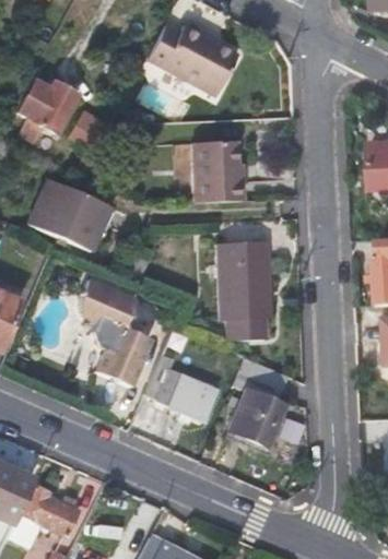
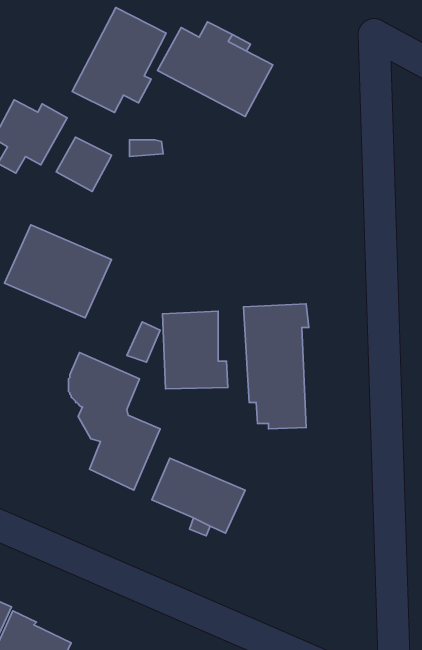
building: none -> [72,8,166,113]
building: [196,142,247,203] -> [163,311,228,389]
building: [228,356,289,447] -> none

